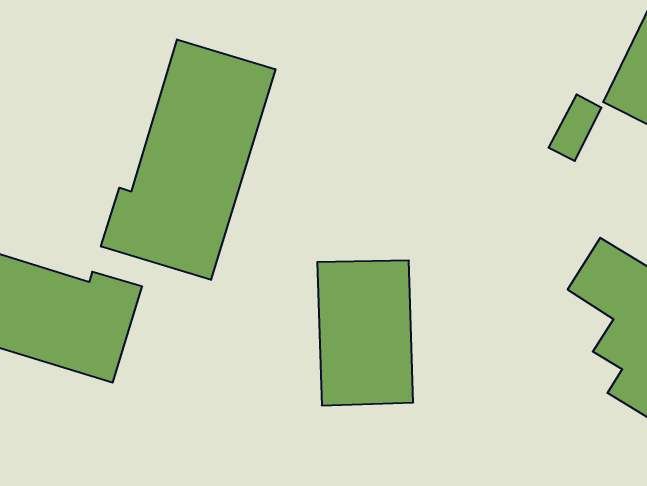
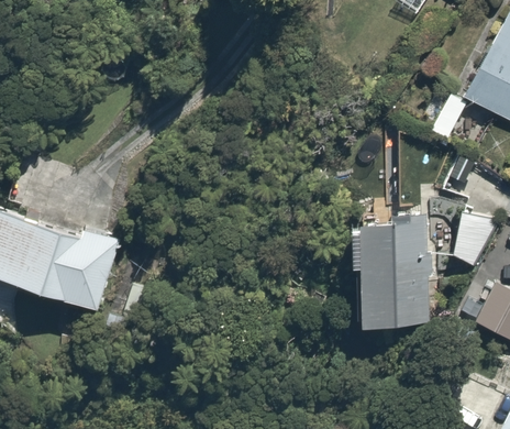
building: [101,39,275,280] -> none
building: [317,261,413,405] -> [363,217,434,324]

